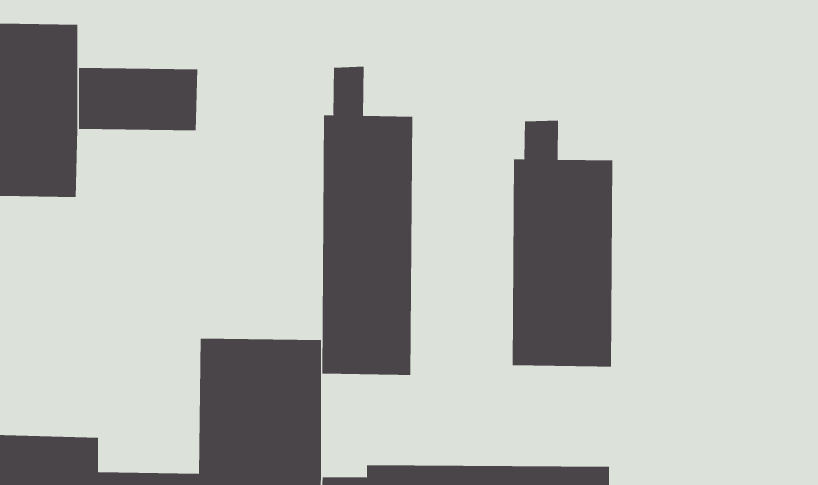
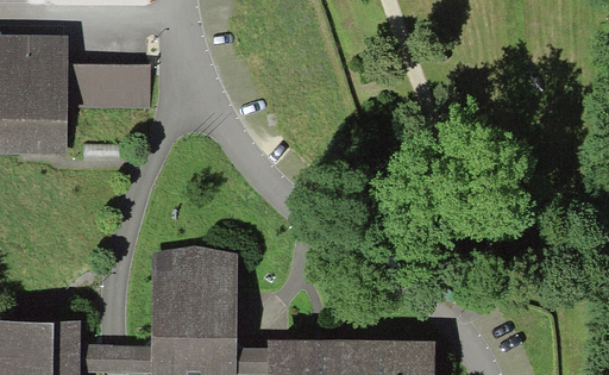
building: [322,66,413,376] -> none
building: [512,120,613,367] -> none

